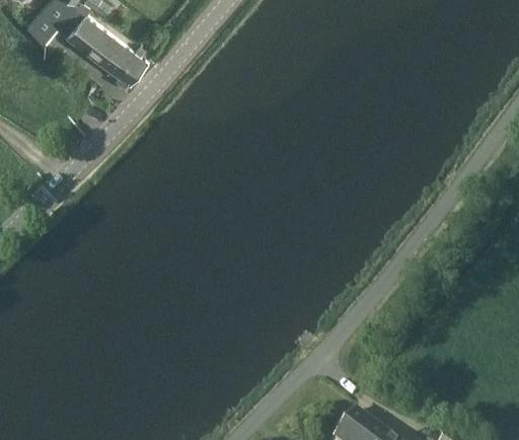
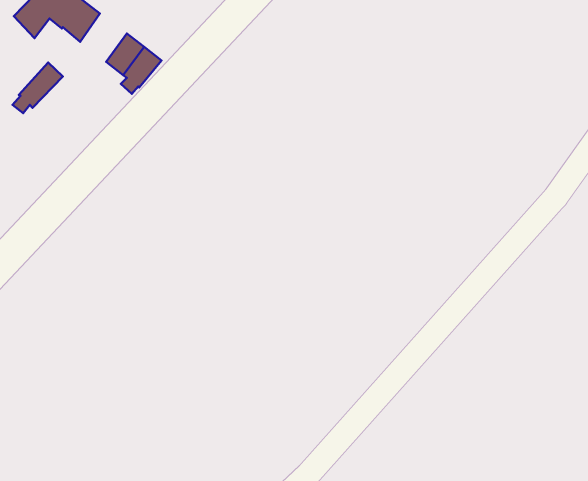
building: [82,24,121,64] -> none
building: none -> [12,63,63,113]

